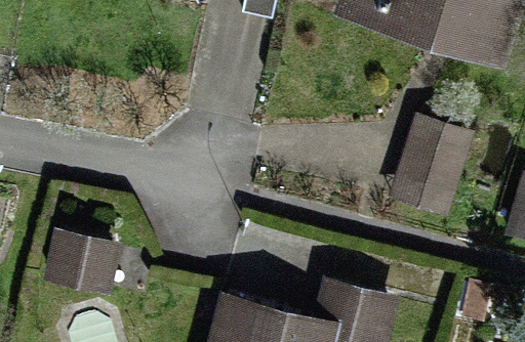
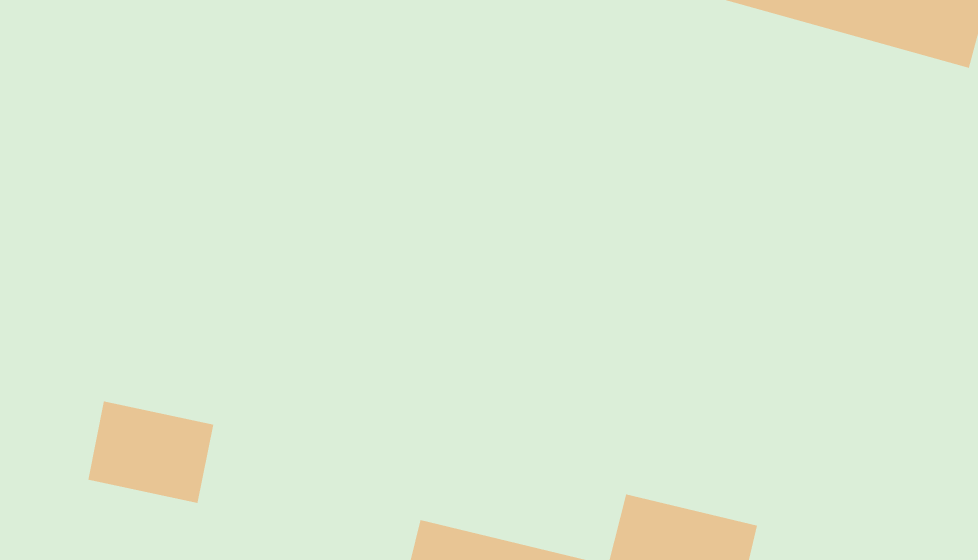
building: [398,124,468,213] -> none

